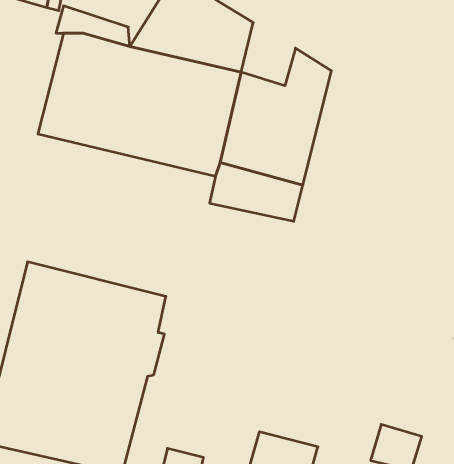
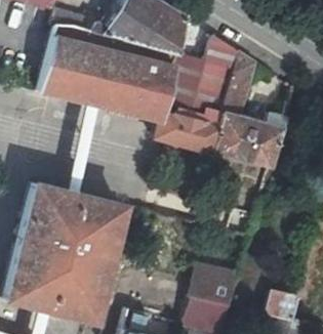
building: none -> [212,50,283,168]
building: none -> [189,263,239,306]

